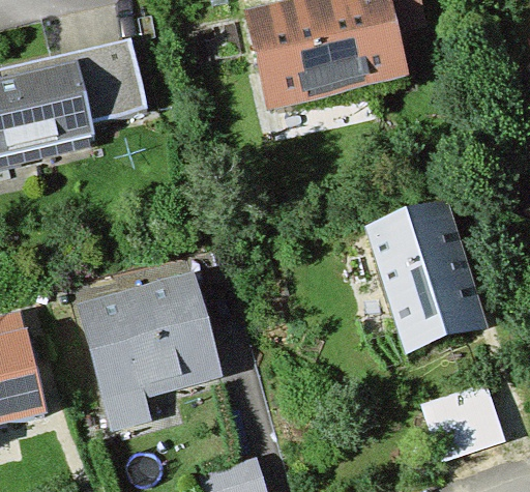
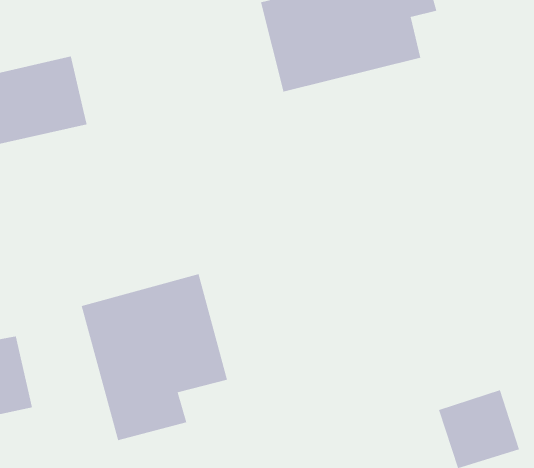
building: [69,40,143,114] -> none
building: [336,203,487,351] -> none

